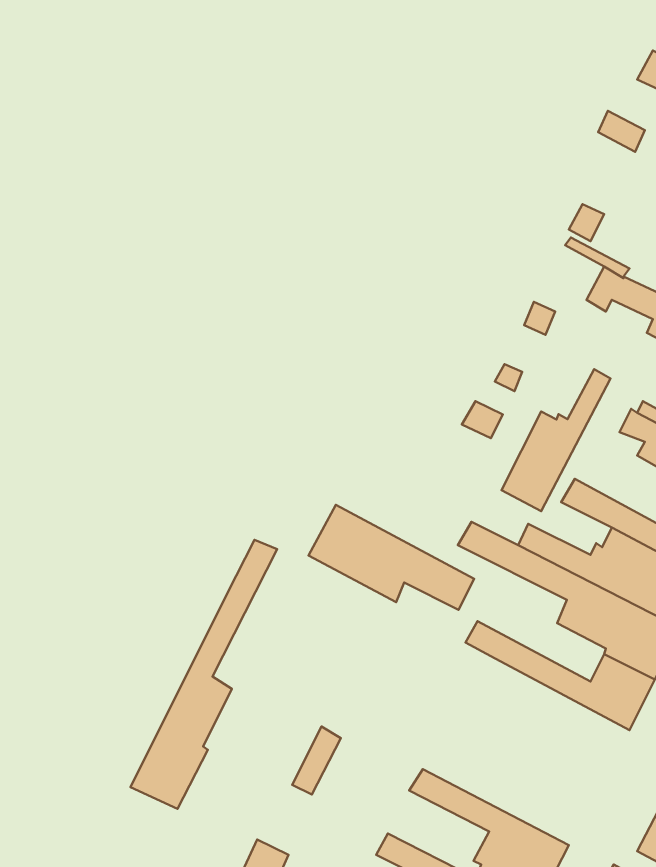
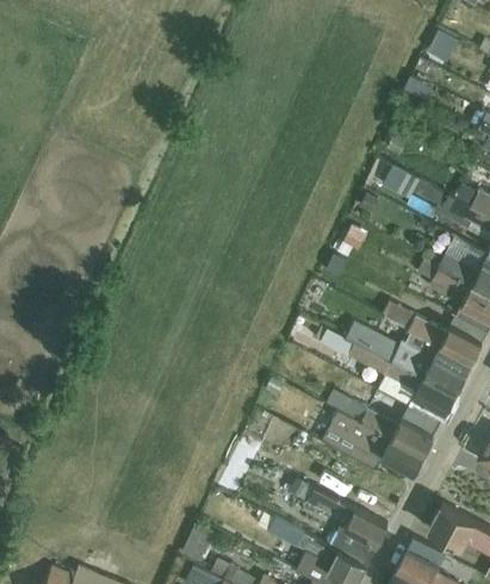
building: [502,369,610,511] -> none
building: [309,505,474,610] -> [324,410,426,474]
building: [130,540,277,809] -> none

